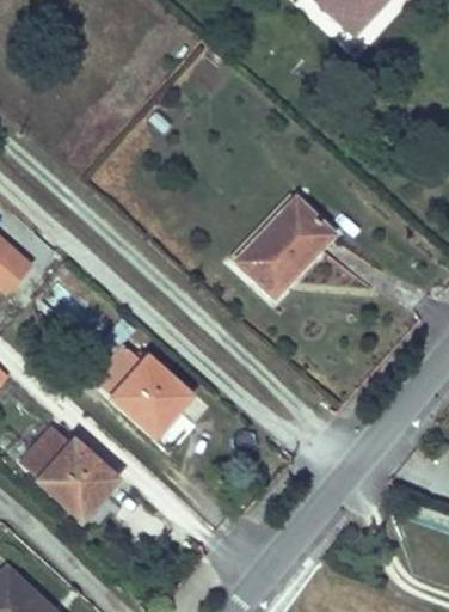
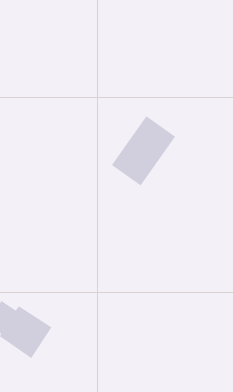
building: [96,345,190,437] -> none

